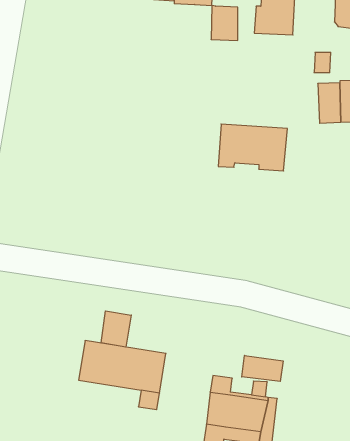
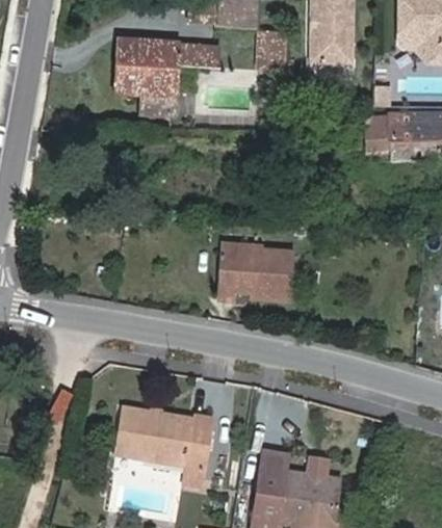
building: none -> [112,35,218,110]
building: [218,124,287,171] -> [219,246,297,299]
building: [101,311,131,347] -> none
building: [242,355,283,381] -> none

